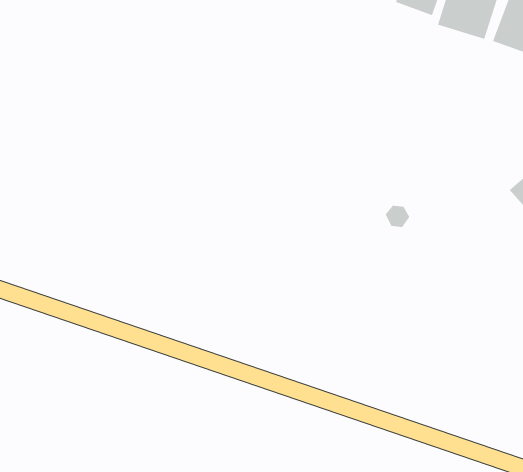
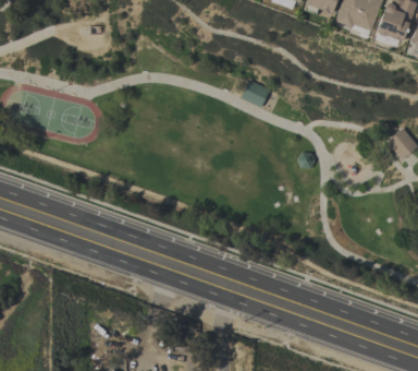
building: none -> [242,80,270,107]

